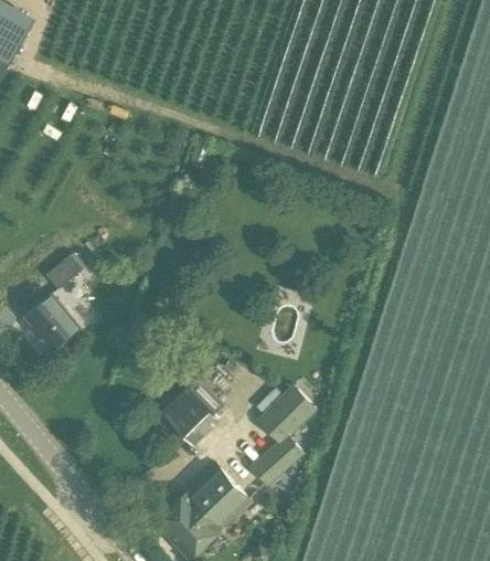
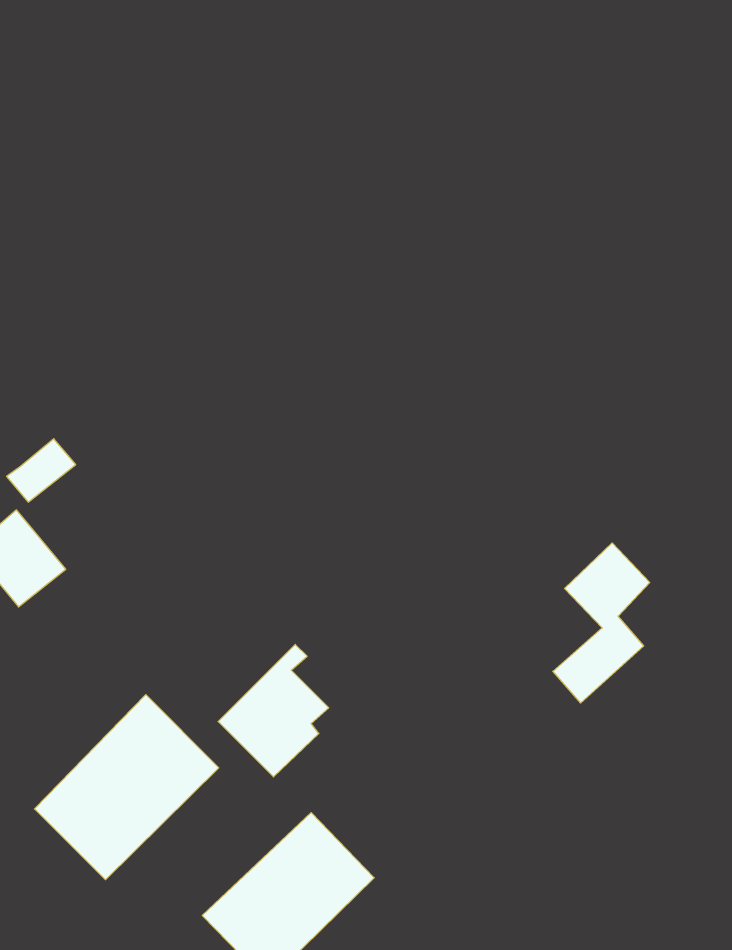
building: [252,395,306,485] -> [553,543,650,703]
building: none -> [34,695,219,880]

